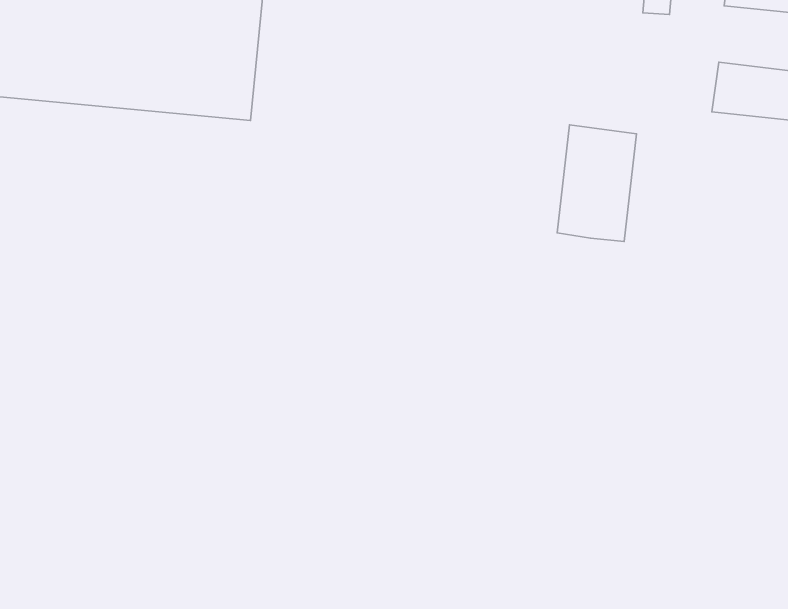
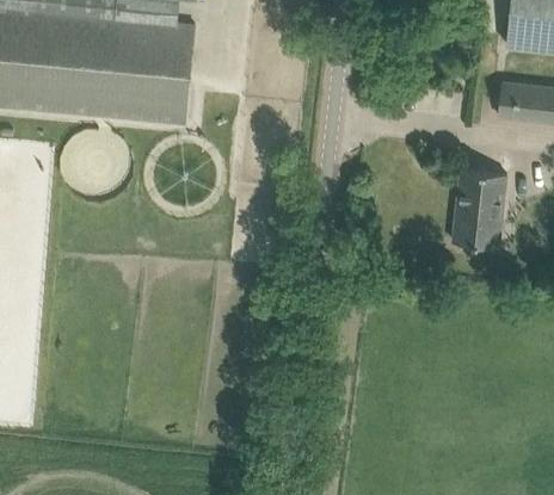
building: [557,125,637,242] -> [454,168,507,247]

